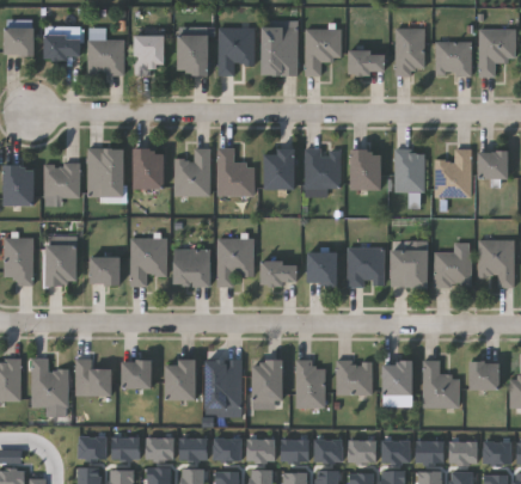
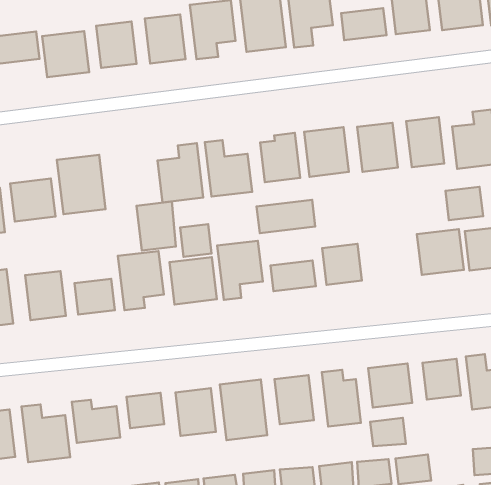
building: [134,148,165,188] -> [137,202,176,251]
building: none -> [257,200,315,233]
building: none -> [445,187,483,220]
building: none -> [180,224,211,257]
building: [345,246,382,284] -> none
building: [382,441,411,464] -> [370,418,406,446]

